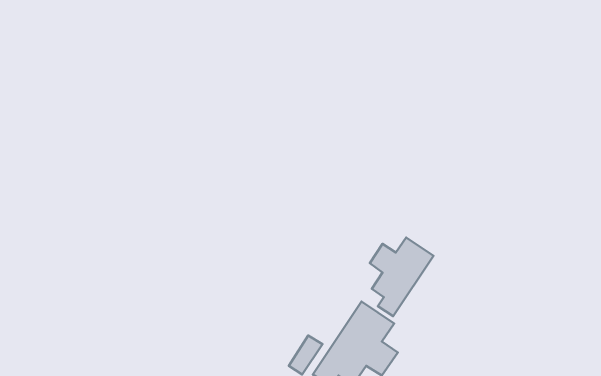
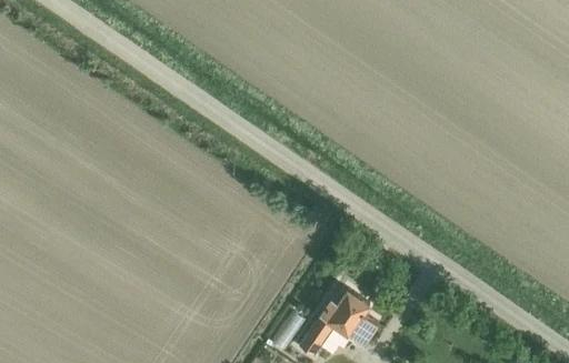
building: [370,237,434,316] -> none

